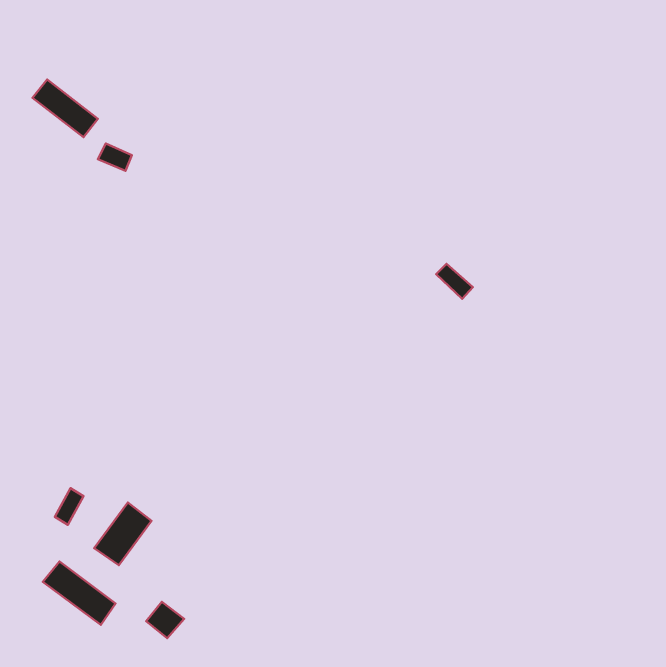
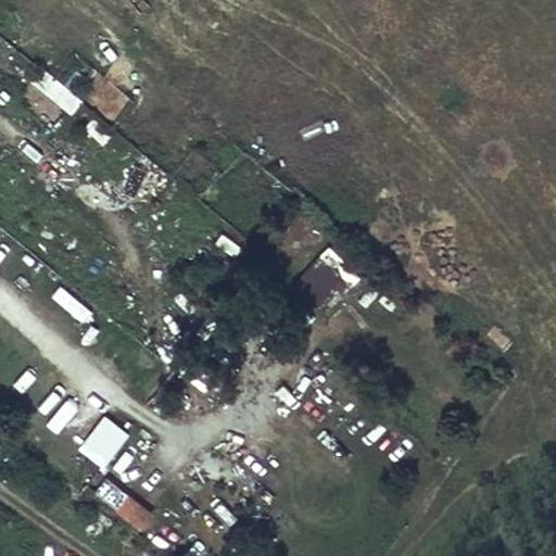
building: [43,562,115,625] -> none

